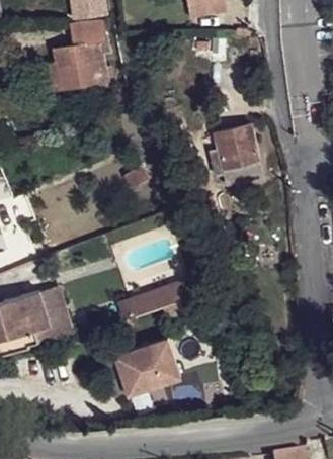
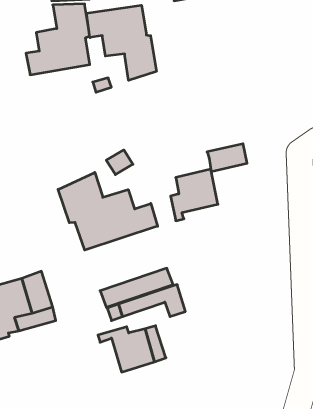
building: none -> [87,5,156,80]
building: [211,122,257,173] -> [171,169,218,221]
building: none -> [58,172,158,250]

